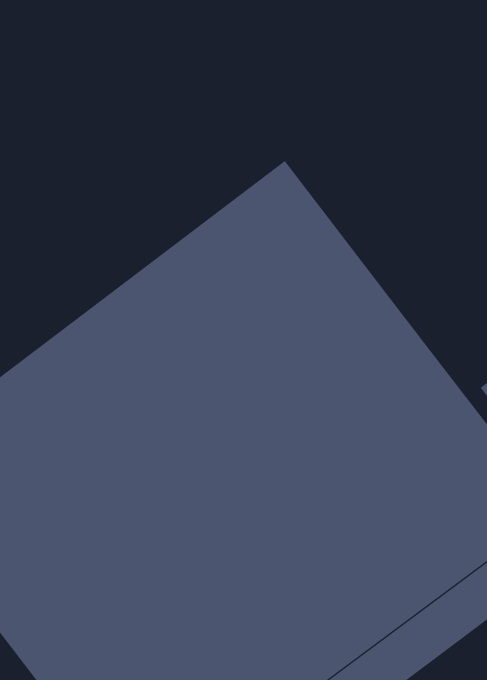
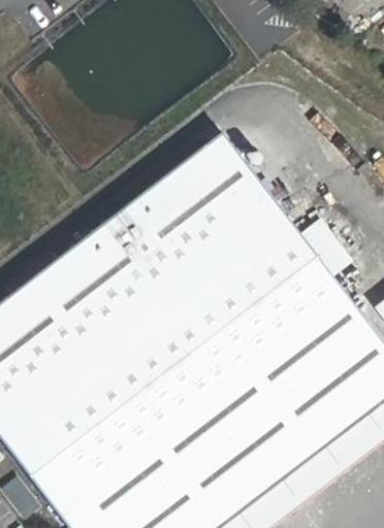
building: none -> [301,219,354,275]

